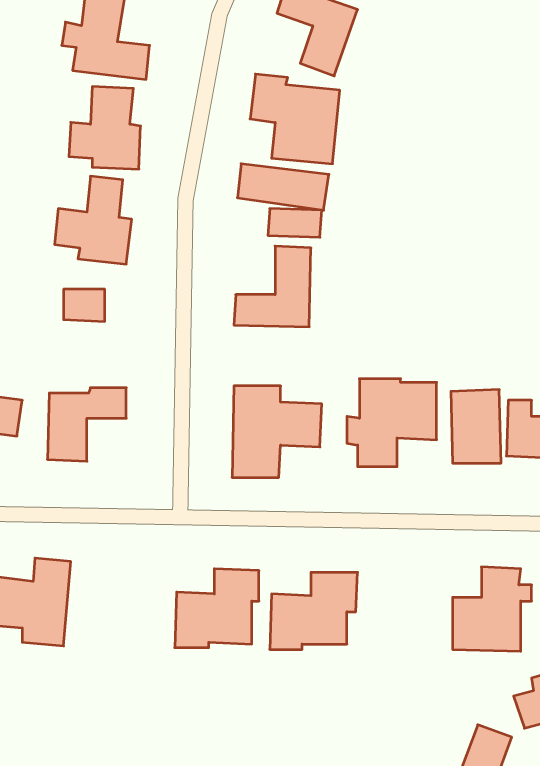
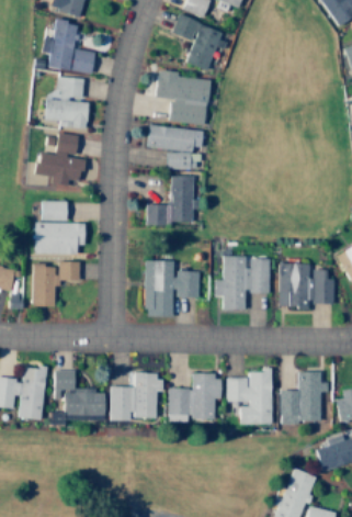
building: none -> [34,222,86,254]
building: none -> [226,368,272,424]
building: none -> [54,370,105,416]

